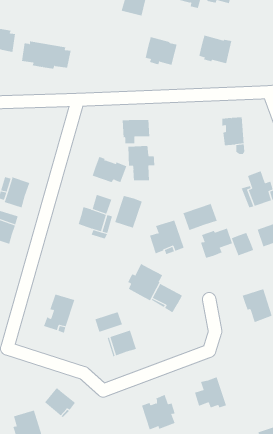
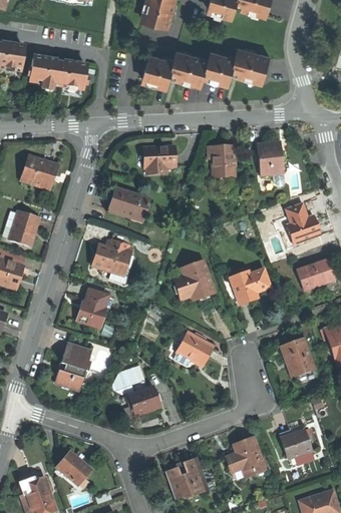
building: none -> [204,52,235,86]
building: none -> [142,54,174,89]
building: none -> [213,146,236,176]
building: none -> [22,154,59,188]
building: [128,145,155,181] -> none
building: [115,195,142,229] -> none
building: [182,203,217,231] -> none
building: [231,232,254,256] -> none
building: none -> [78,289,111,325]
building: [128,263,163,301] -> none
building: none -> [281,429,312,459]

